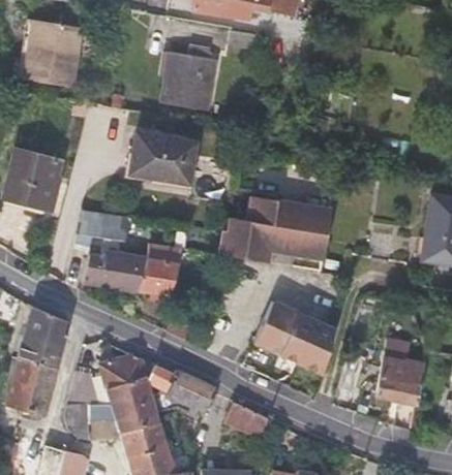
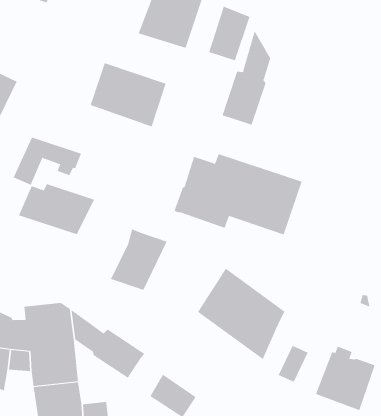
building: none -> [208,6,250,61]
building: none -> [222,30,271,126]
building: [138,243,183,296] -> [110,228,167,291]

